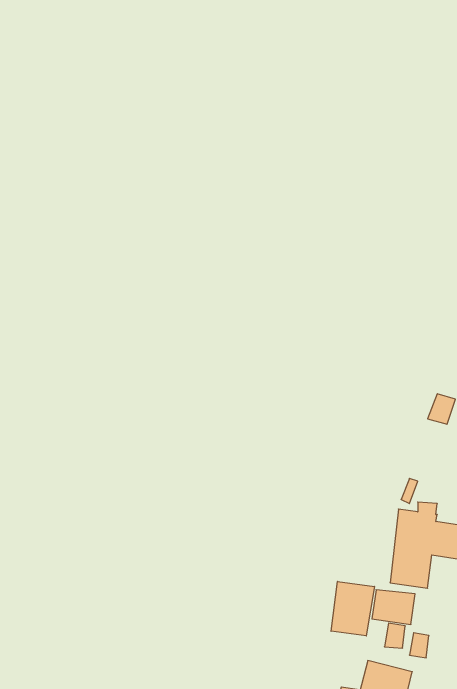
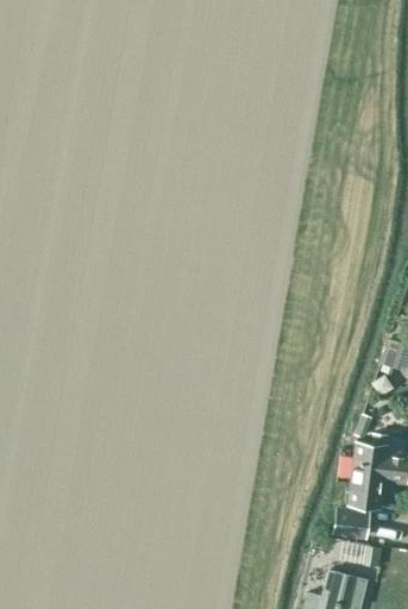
building: [331,581,374,636] -> none

